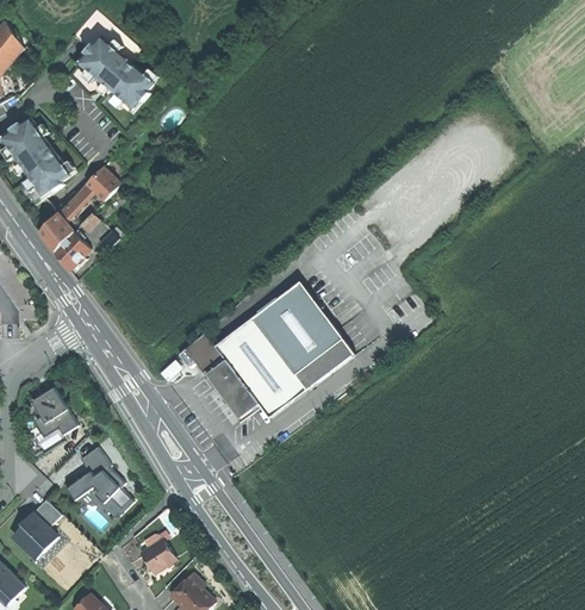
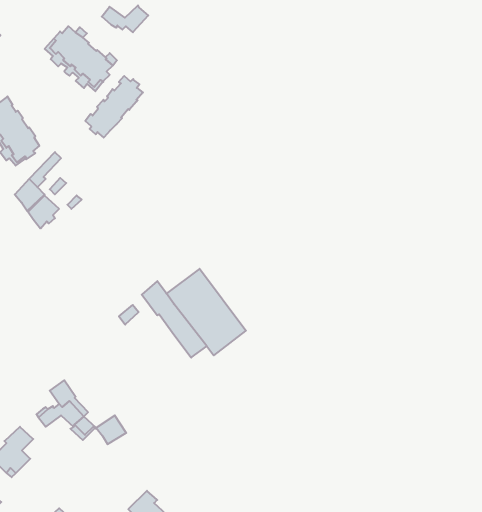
building: none -> [102,5,148,32]
building: none -> [85,76,143,138]
building: [86,167,119,200] -> none
building: [253,282,354,388] -> none
building: [33,386,77,434] -> none
building: [141,539,175,572] -> [96,415,126,444]

